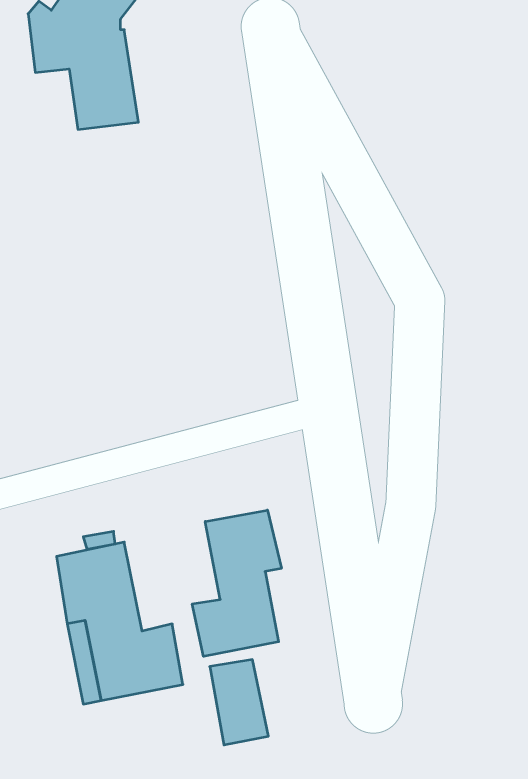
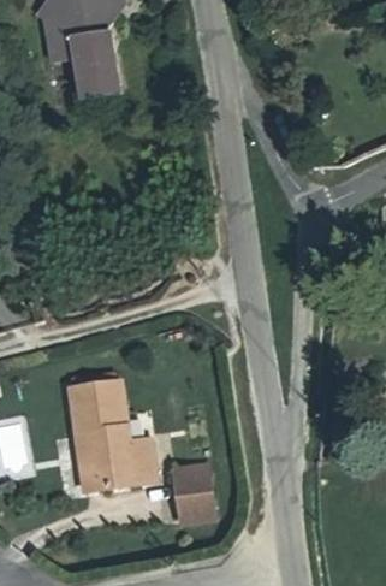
building: [192,510,281,656] -> none

